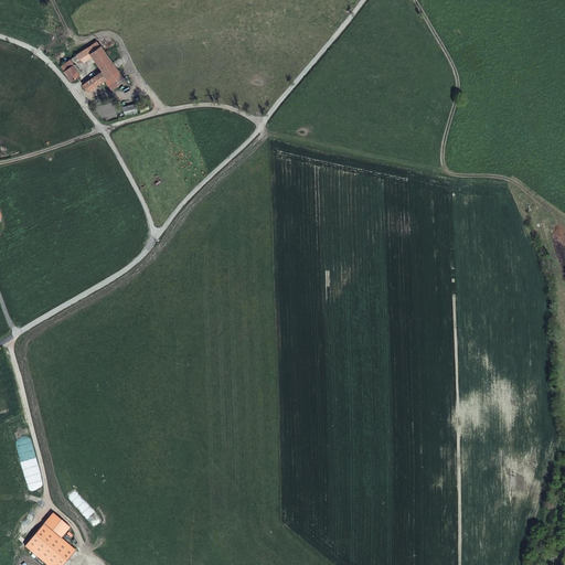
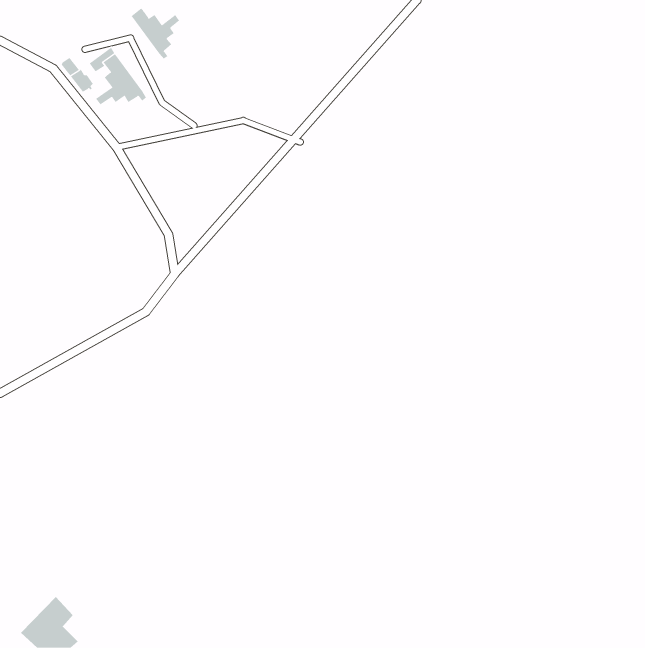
building: none -> [131,8,180,60]

